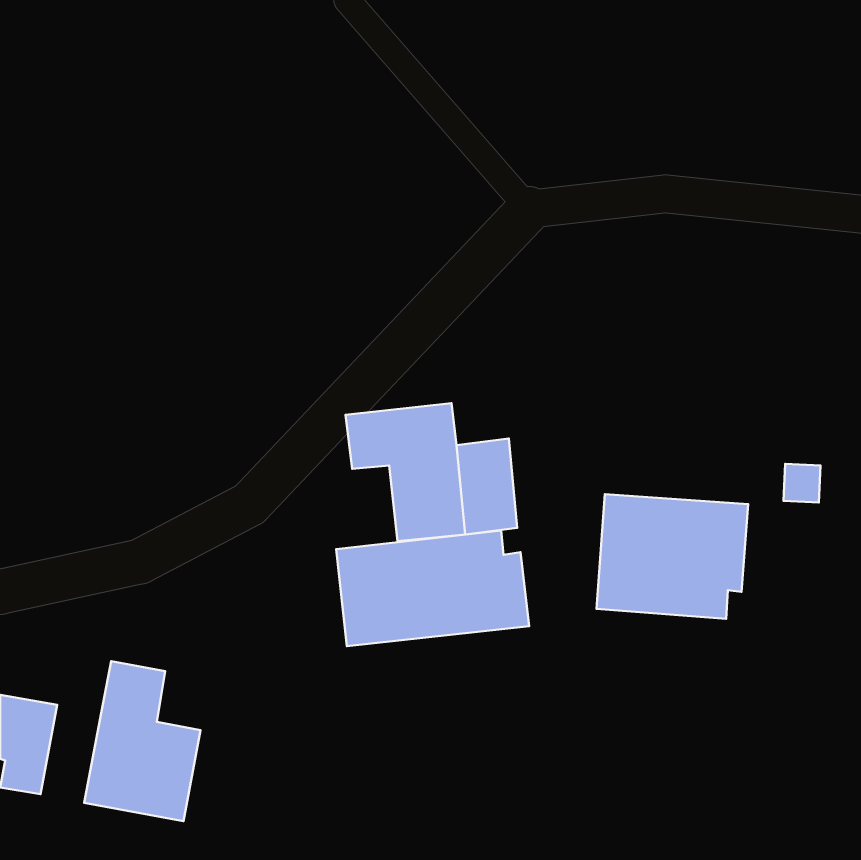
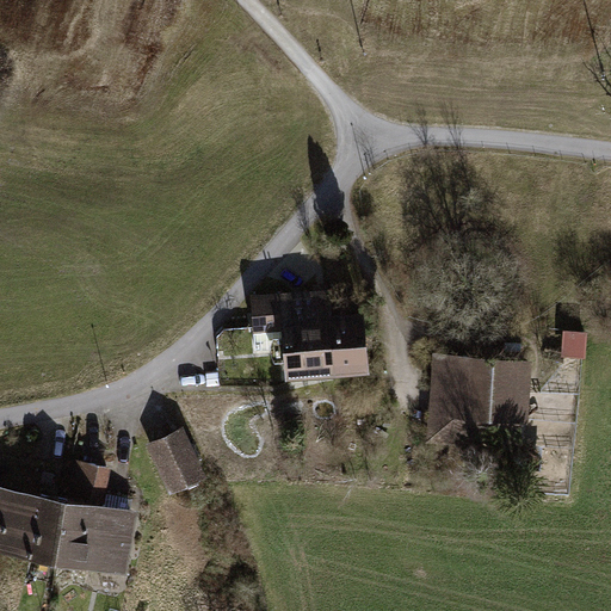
building: [336,530,529,646] -> none
building: none -> [143,422,206,492]
building: none -> [29,500,72,569]

